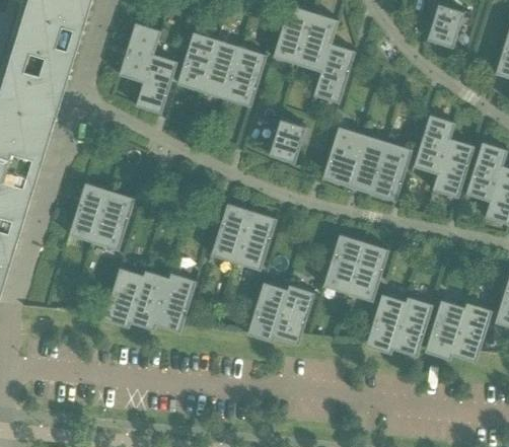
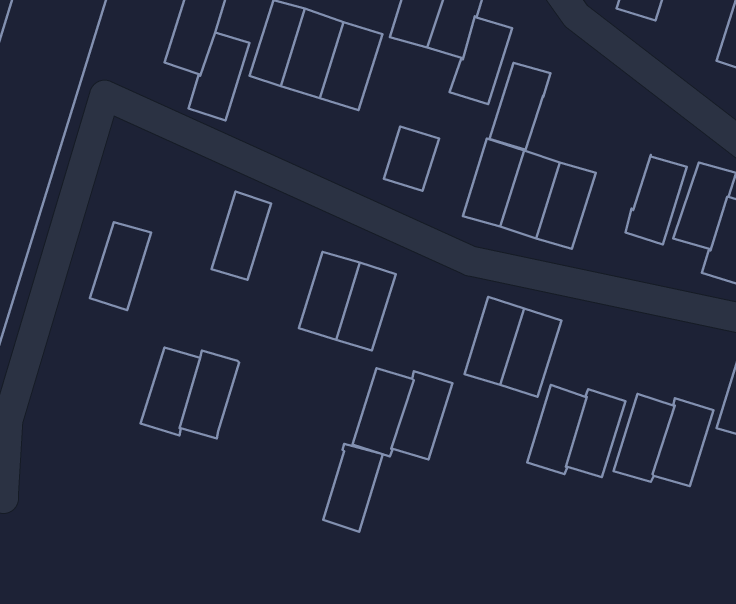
building: [413,116,454,175] -> [489,63,551,151]
building: [93,191,134,250] -> [212,192,271,280]
building: [155,274,196,333] -> [323,444,383,532]

